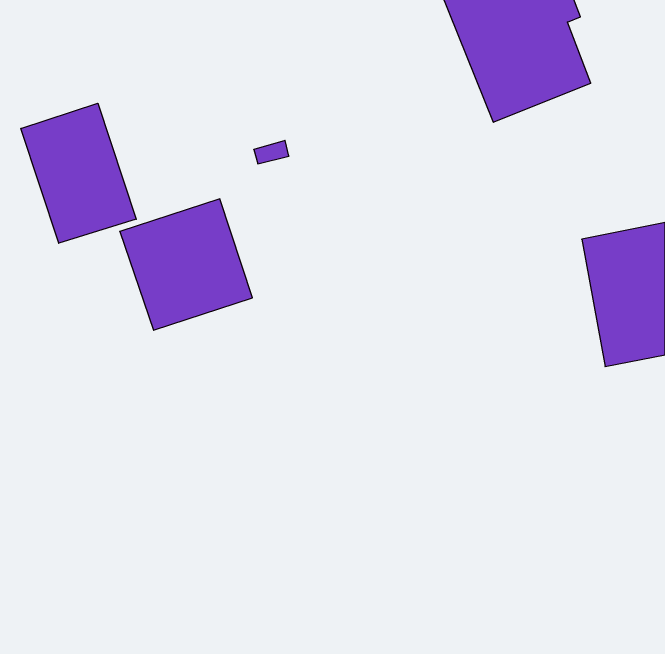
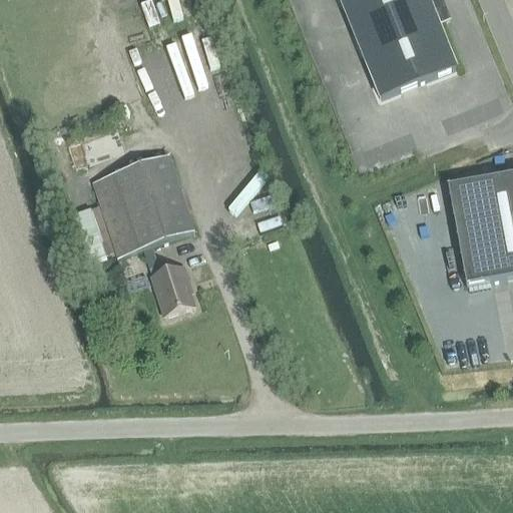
building: [21,103,136,243] -> none
building: none -> [149,261,194,314]

